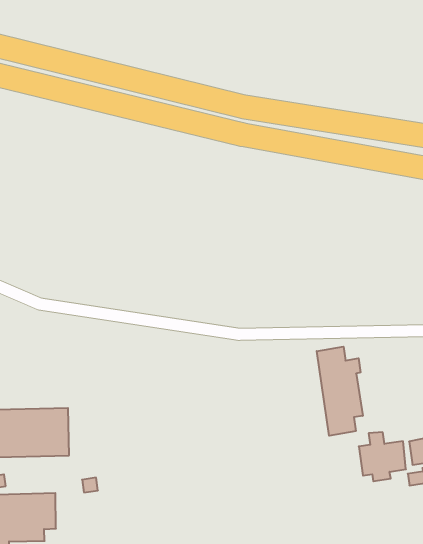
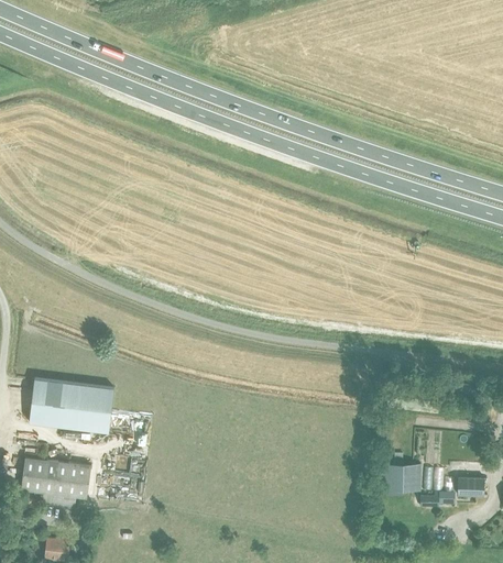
building: [317,347,363,436] -> none

